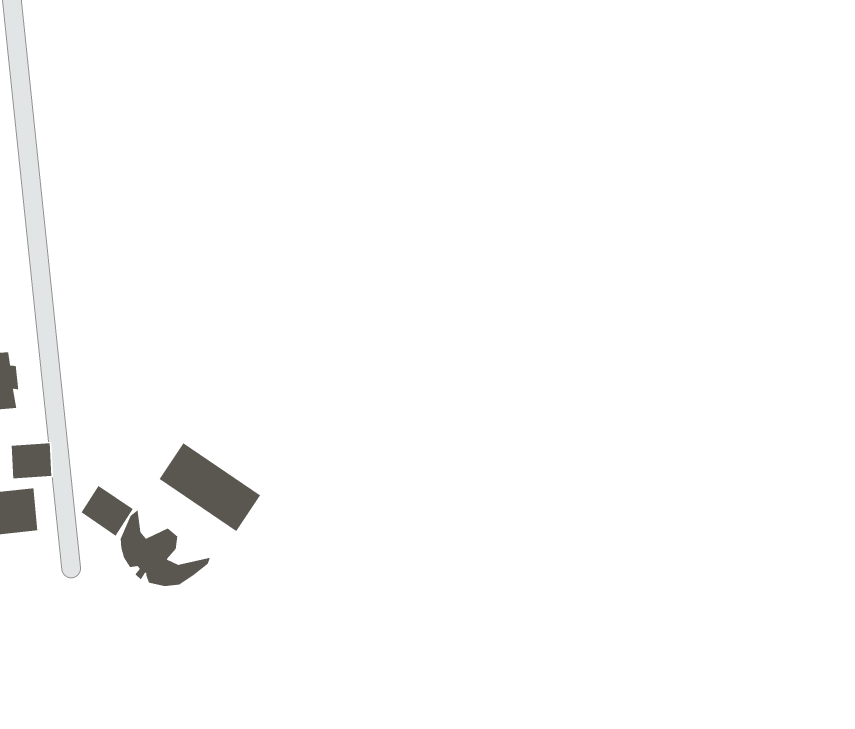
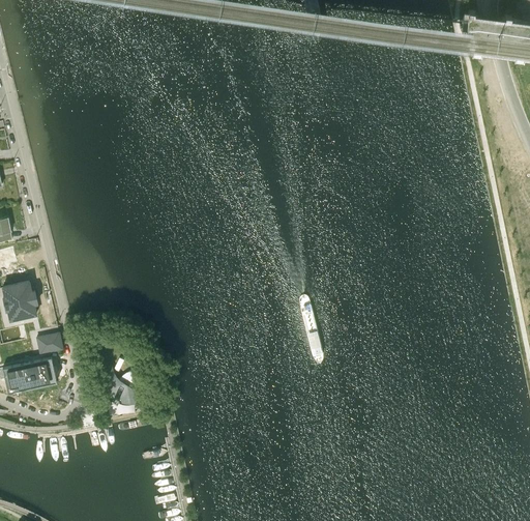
building: [159,442,261,532] -> none
building: [80,485,134,537] -> none

